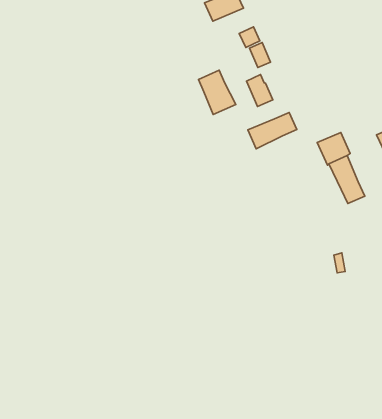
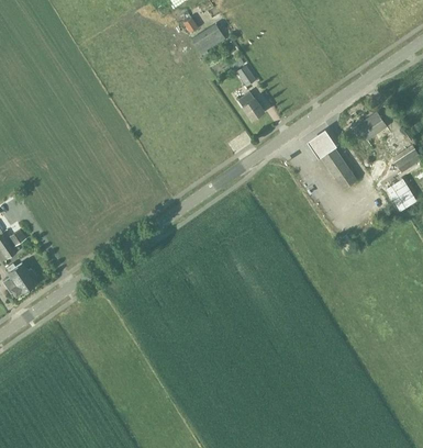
building: [199,70,236,115] -> none
building: [248,113,297,149] -> none

